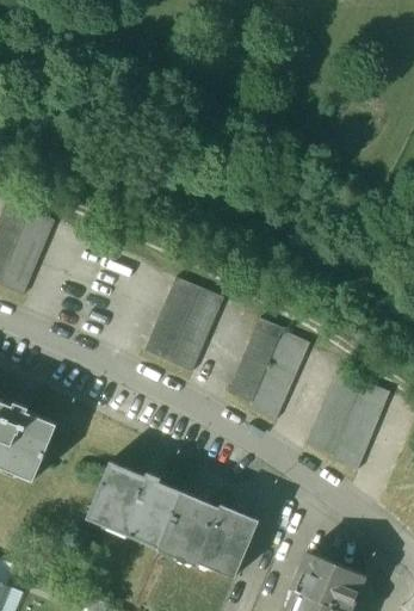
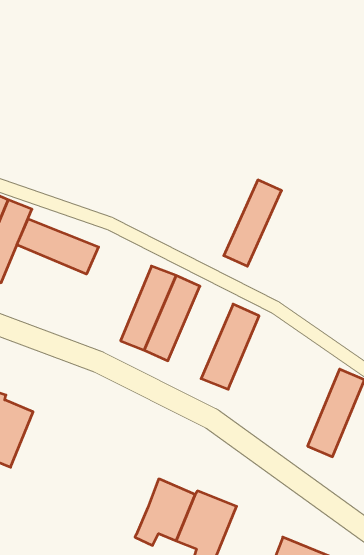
building: none -> [17,219,99,274]
building: [249,333,308,420] -> [224,180,282,266]
building: [305,366,363,456] -> none
building: [86,462,181,549] -> none

